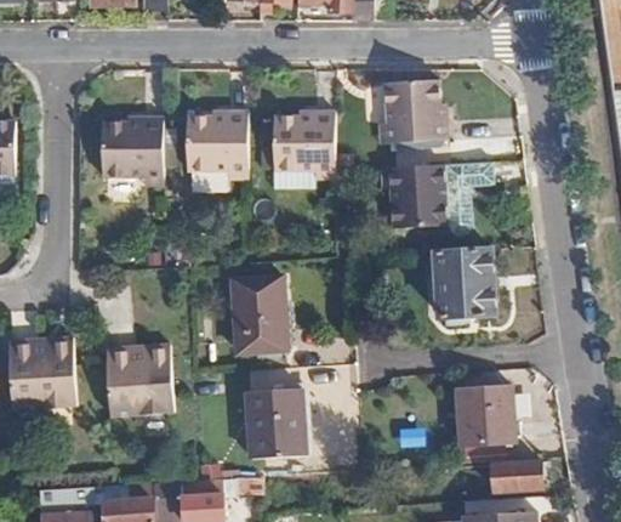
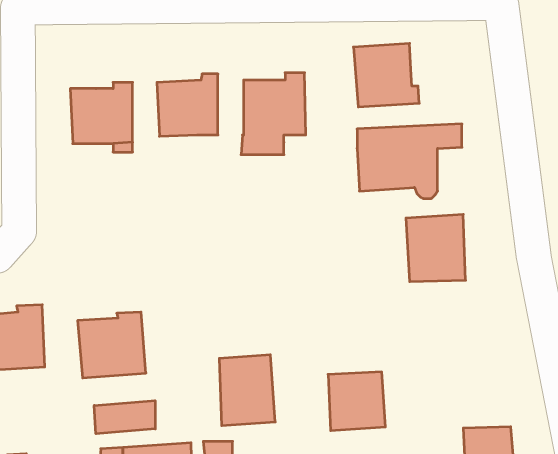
building: [232,278,286,353] -> none
building: [456,388,513,447] -> [328,372,385,431]
building: none -> [94,401,155,434]

